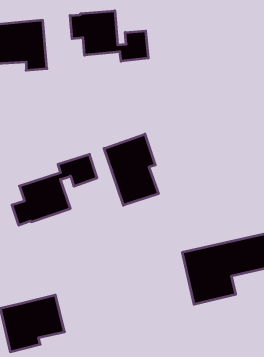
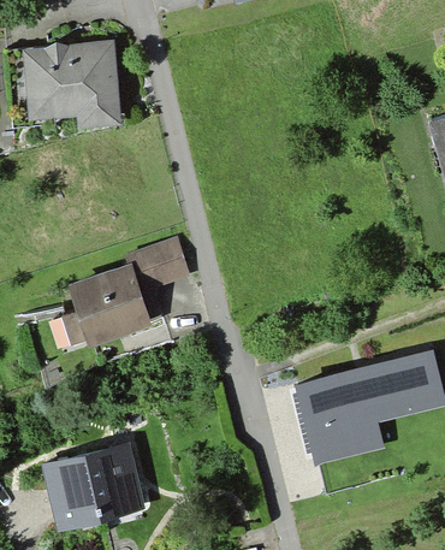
building: [70,11,148,61] -> none
building: [104,134,158,205] -> none

